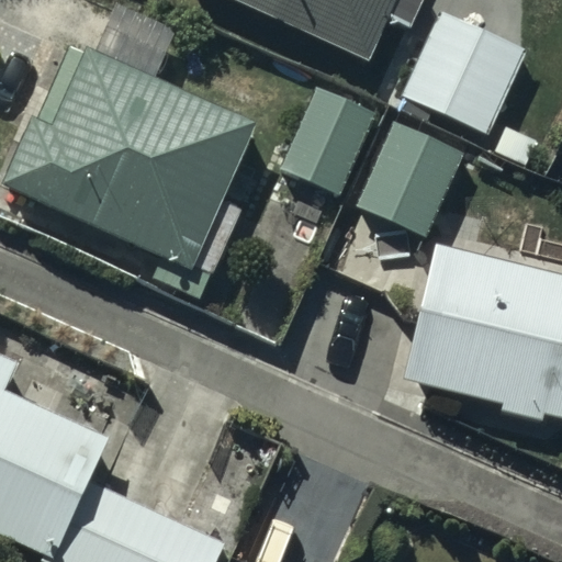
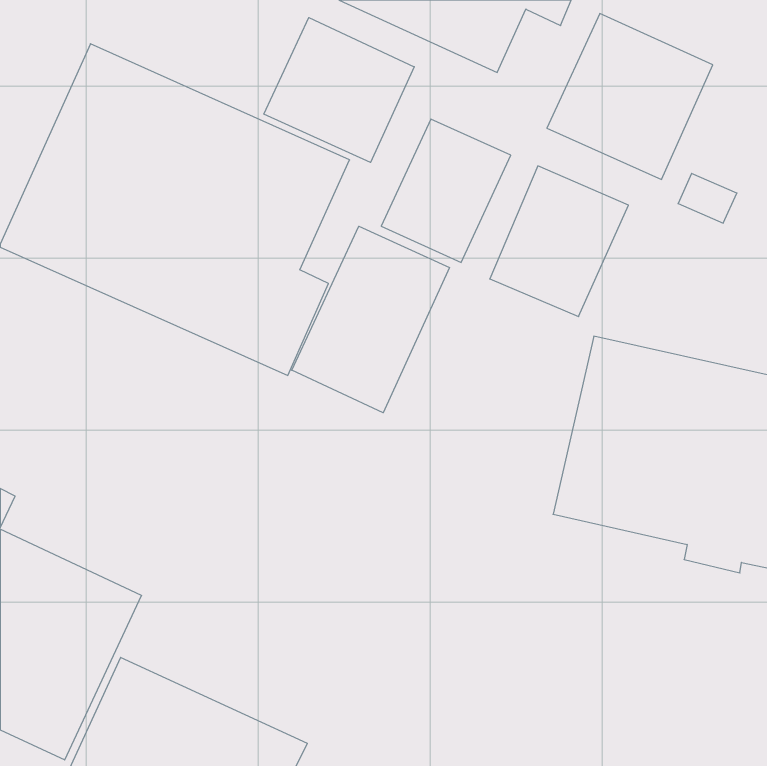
building: none -> [264,18,414,162]
building: none -> [292,226,449,413]

